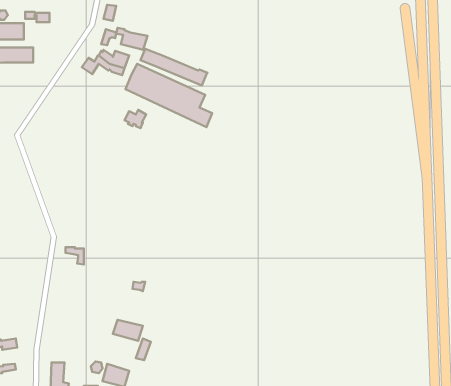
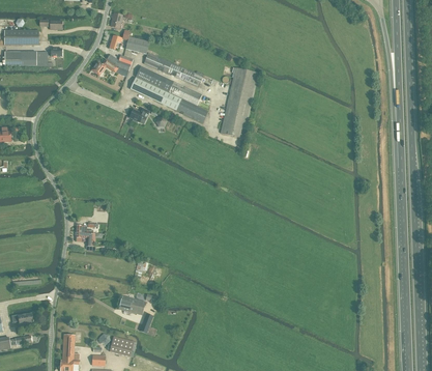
building: none -> [220,66,258,137]

